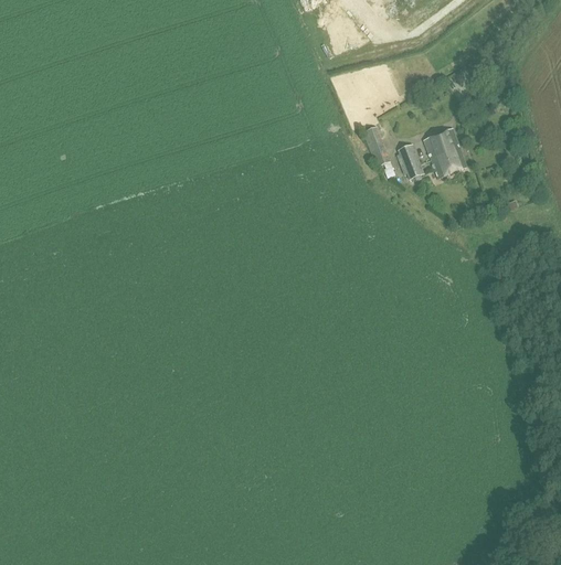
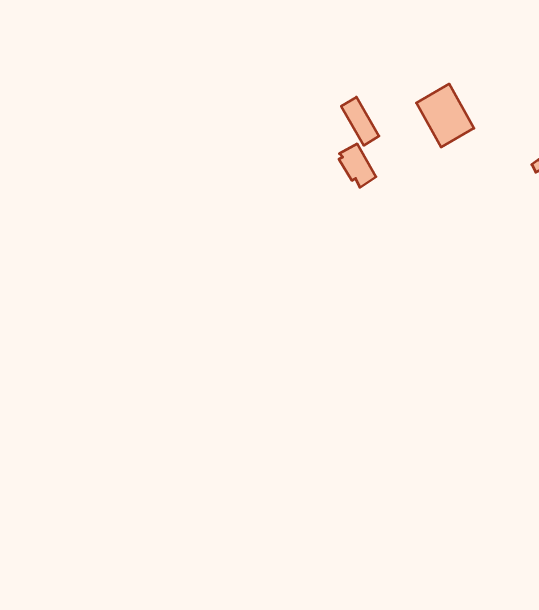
building: [395,141,423,177] -> [339,144,376,187]

